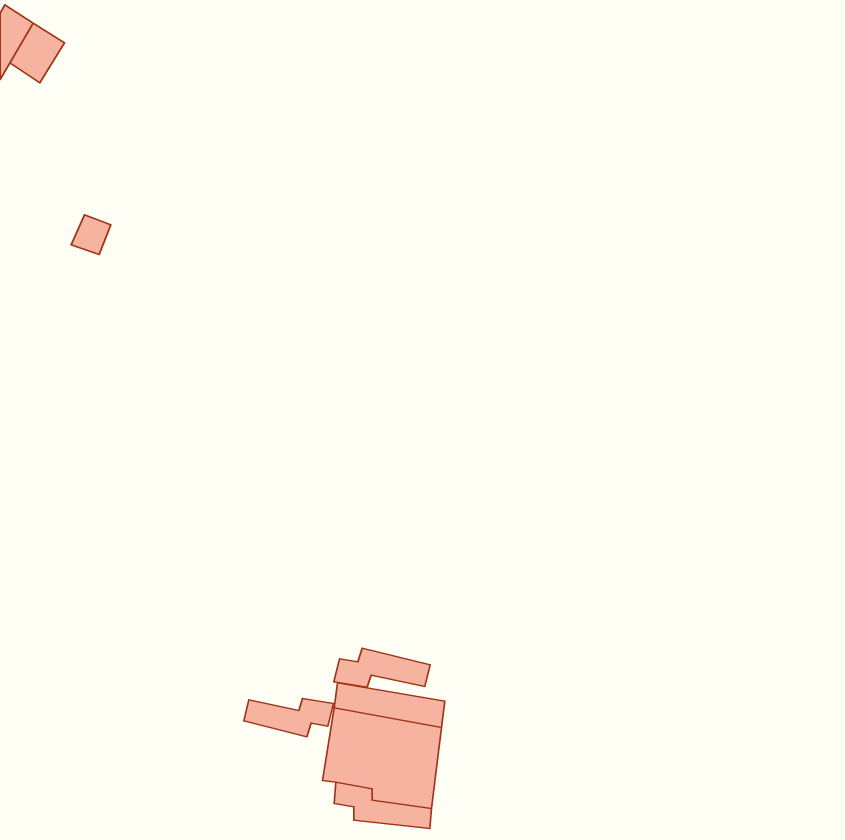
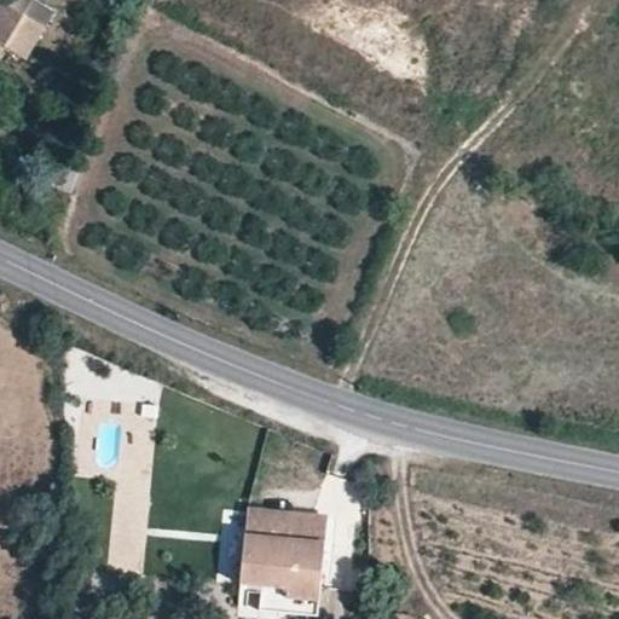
building: [334,648,430,687] -> none
building: [244,698,333,737] -> none

